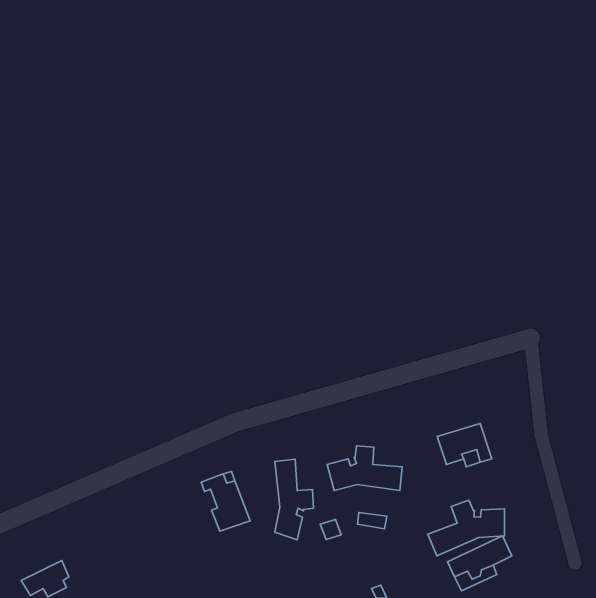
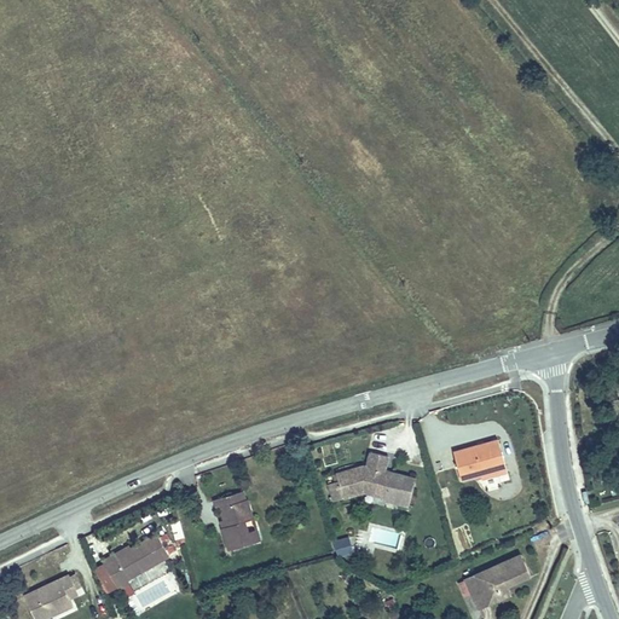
building: [275,459,314,540] -> none
building: [428,500,505,556] -> none
building: none -> [96,536,164,594]

